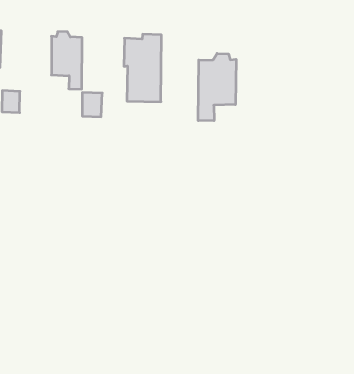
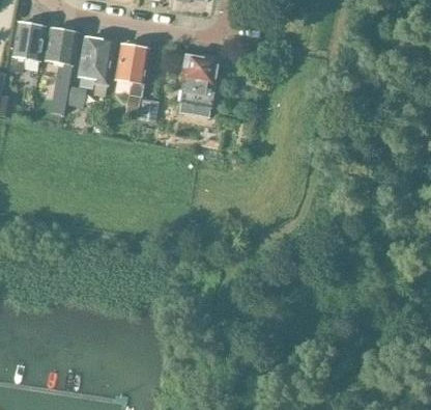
building: none -> [79,36,115,86]
building: [198,53,236,121] -> none

